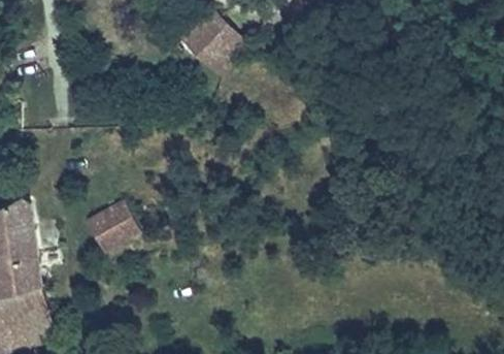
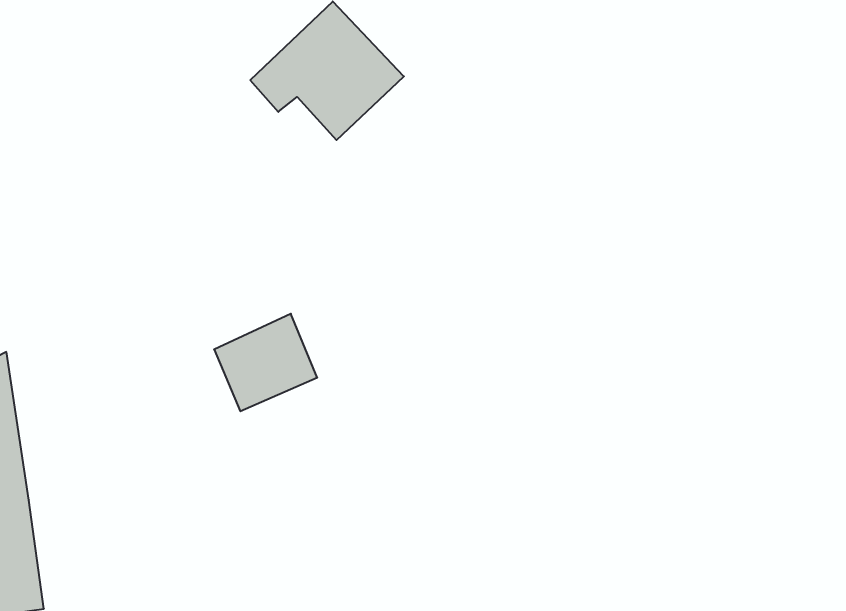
building: [77,196,134,250] -> [214,314,317,411]

